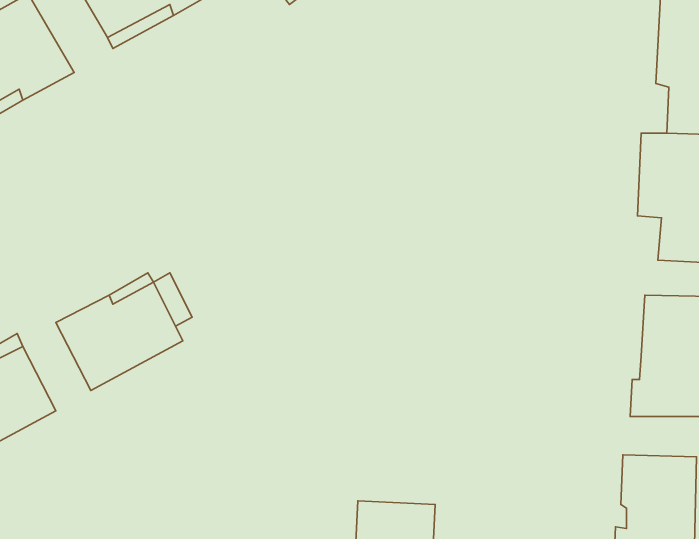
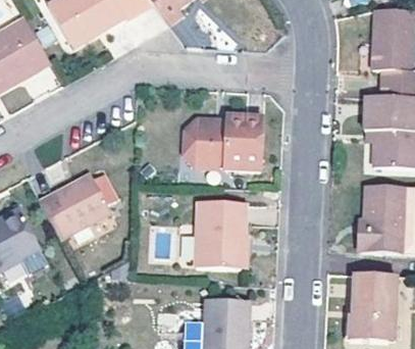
building: none -> [184,114,264,169]
building: none -> [197,200,247,268]

